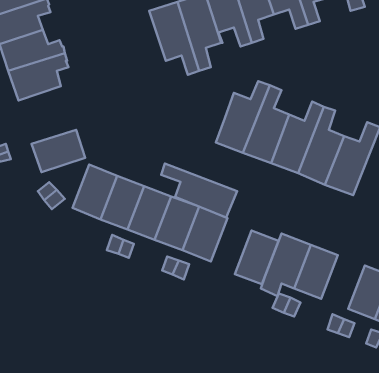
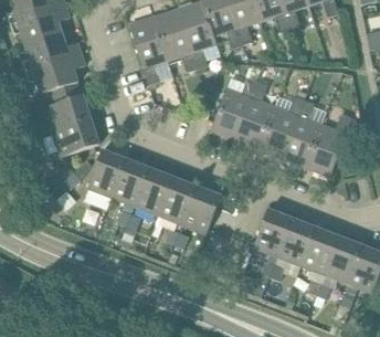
building: none -> [129,17,168,84]
building: none -> [44,94,91,131]
building: [161,163,237,218] -> none
building: [235,231,279,284] -> [302,228,339,274]

